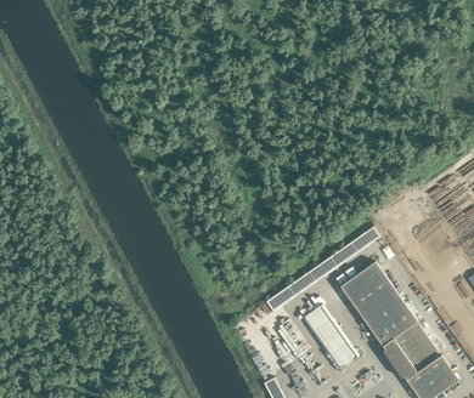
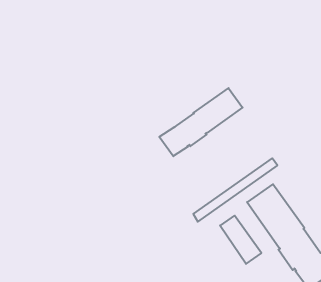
building: none -> [159,88,243,156]

